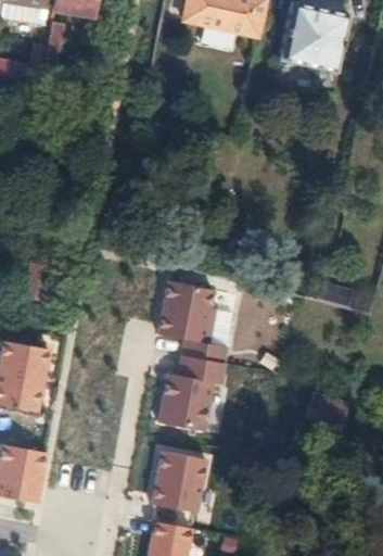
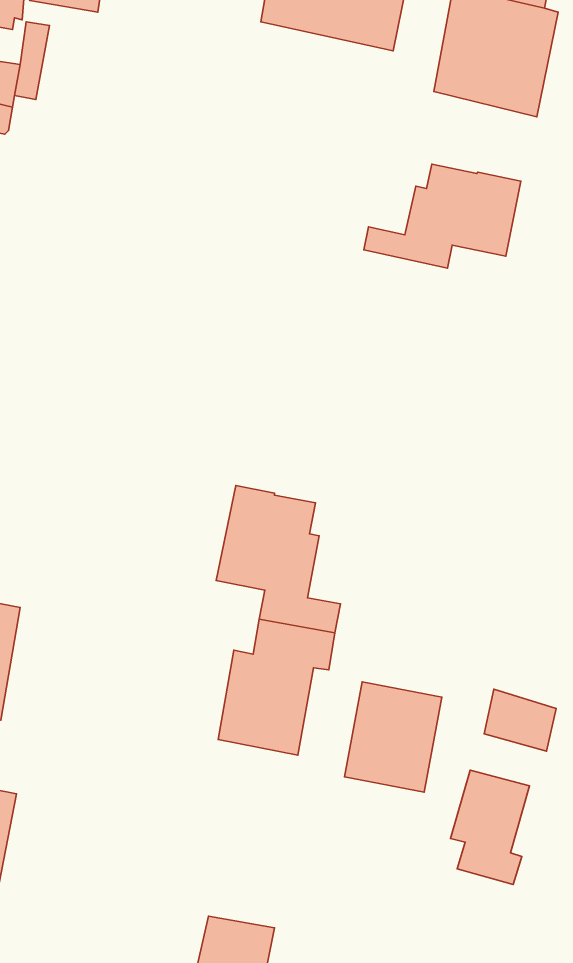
building: none -> [364,164,521,268]
building: none -> [451,770,529,885]
building: [151,451,205,513] -> [345,682,442,792]

